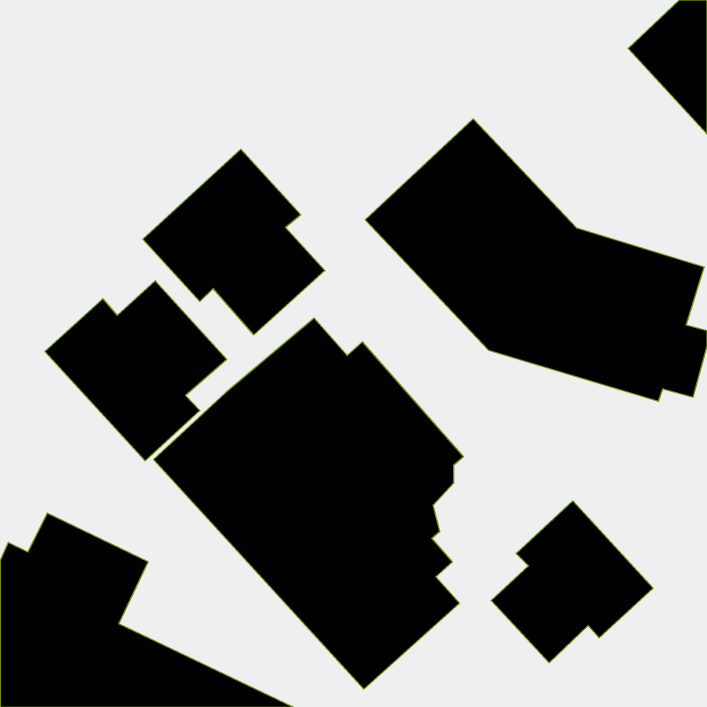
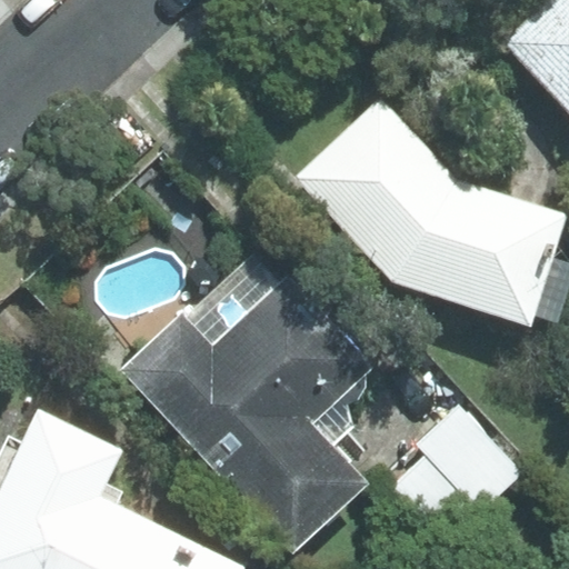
building: [143,149,325,335] -> none
building: [45,281,227,461] -> none

